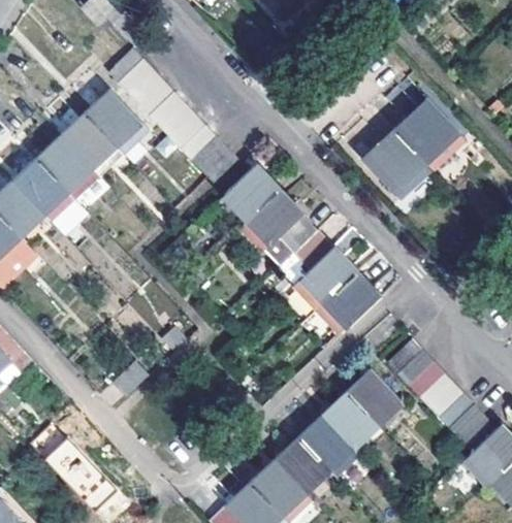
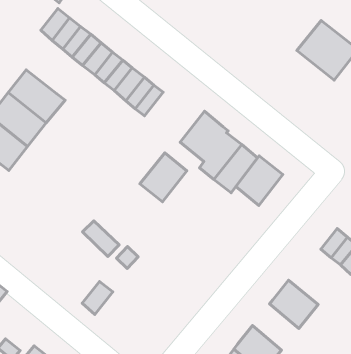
building: [86,91,139,144] -> none
building: [362,133,430,202] -> none
building: [225,163,280,218] -> [140,153,187,202]
building: [326,270,381,326] -> none
building: [348,367,403,422] -> none
building: [300,414,352,467] -> none

